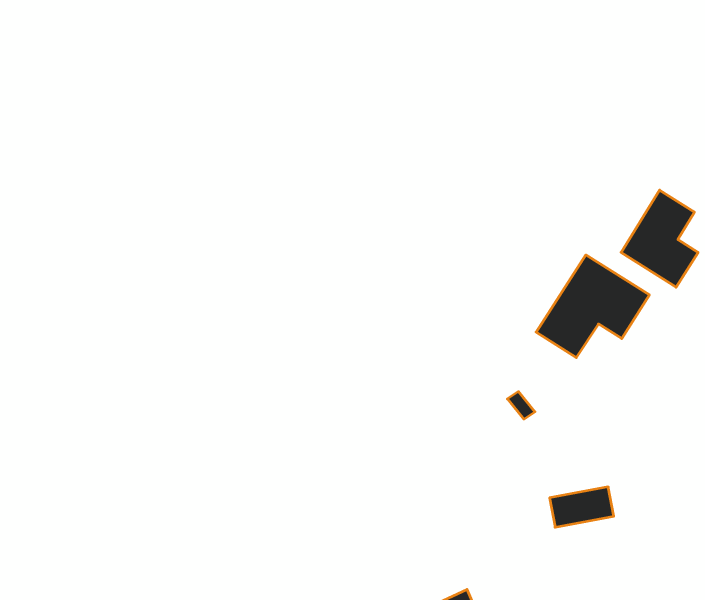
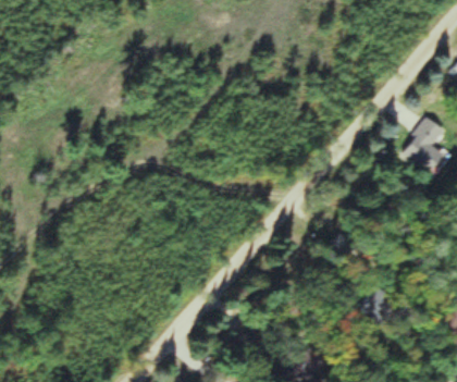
building: [536,255,649,358] -> none

